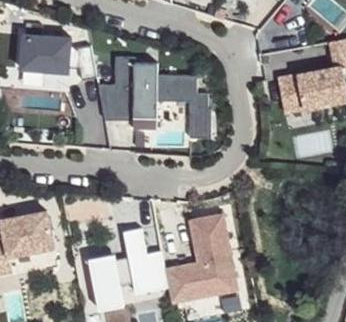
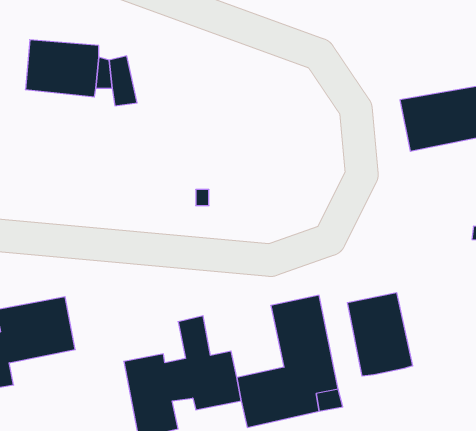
building: [97,58,211,139] -> none
building: none -> [347,293,413,376]

